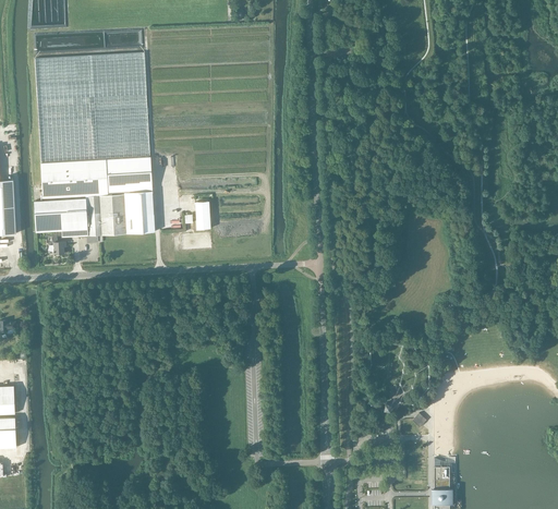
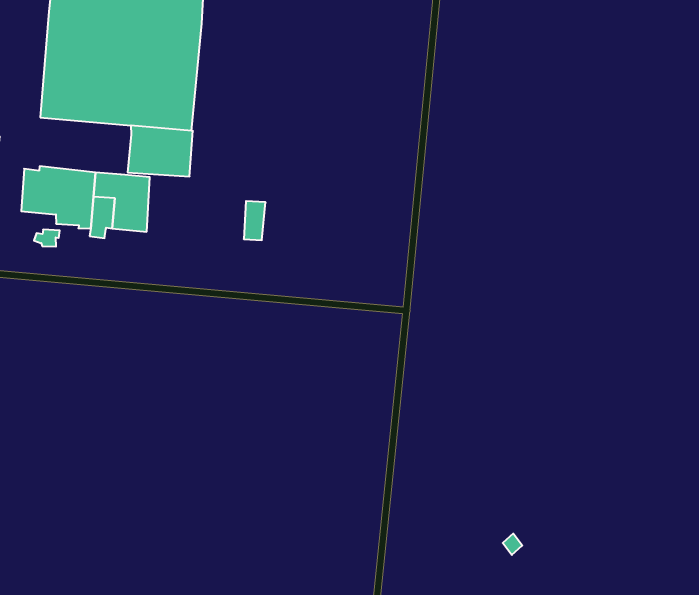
building: [40,159,108,197] -> none
building: [124,192,155,233] -> none

